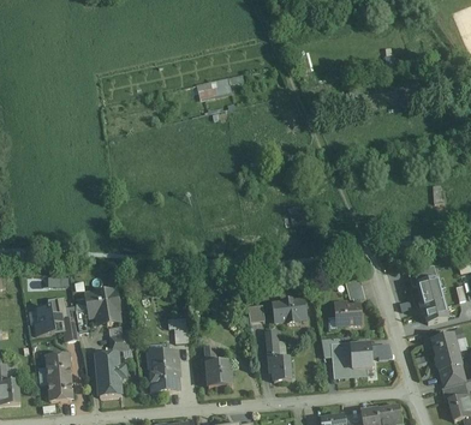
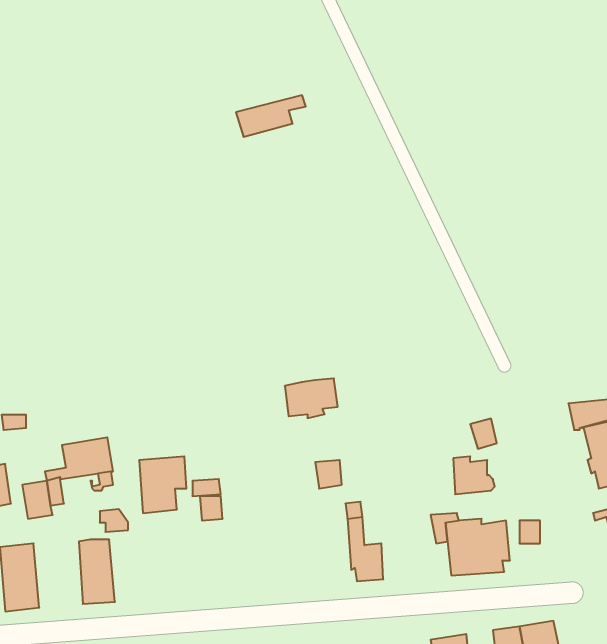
building: [272,298,305,323] -> [285,378,338,418]
building: [204,345,231,387] -> none
building: [148,355,178,391] -> [139,456,186,513]

